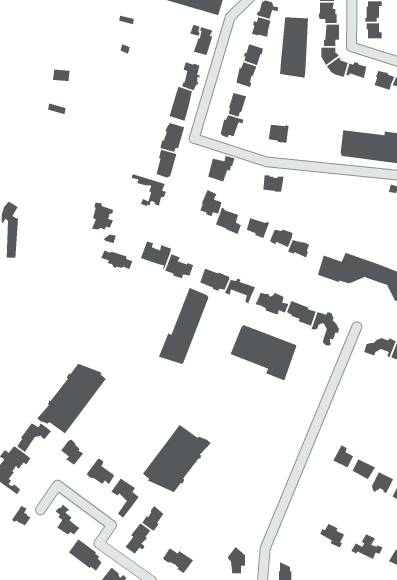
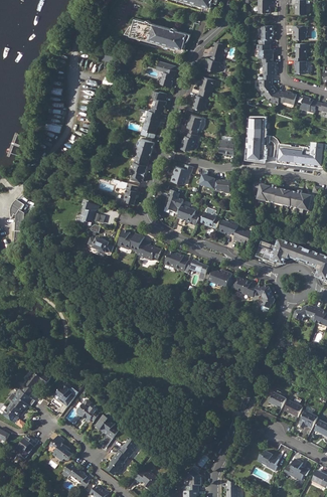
building: [279,17,309,78] -> [246,115,269,163]
building: none -> [253,181,312,210]
building: [158,287,210,365] -> none
building: [229,324,297,381] -> none
building: [36,363,107,435] -> none
building: [142,424,212,493] -> none

